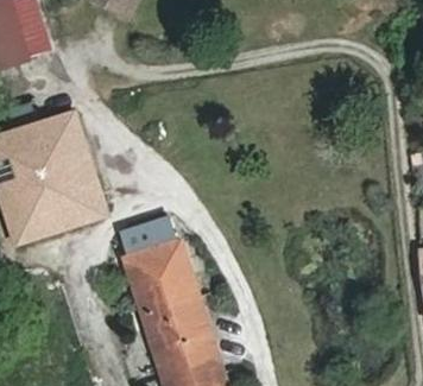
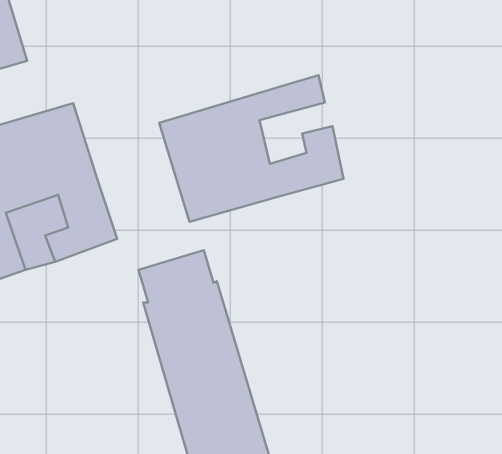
building: none -> [159,75,343,222]

